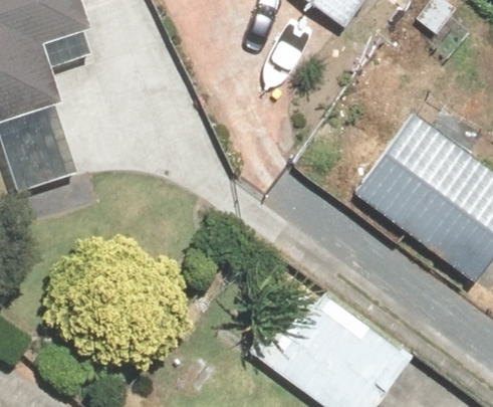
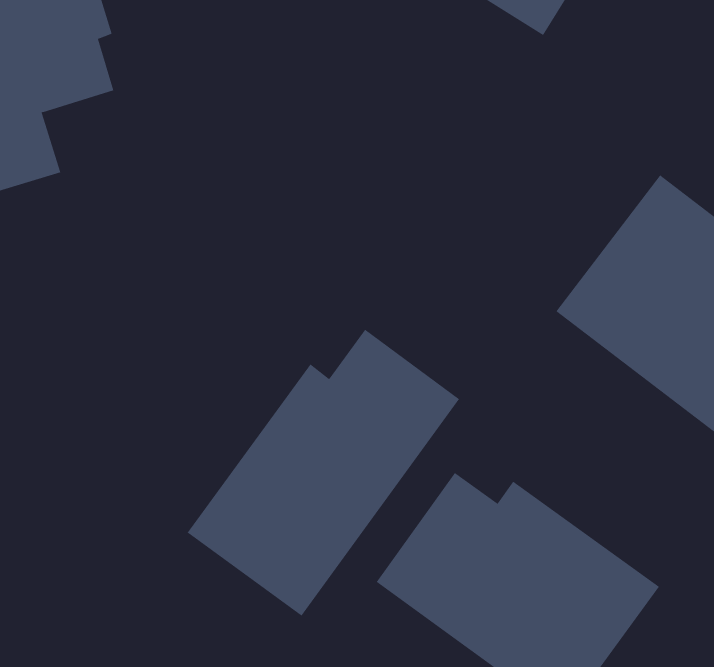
building: none -> [187,329,460,616]

